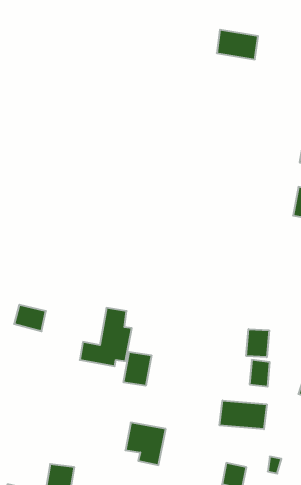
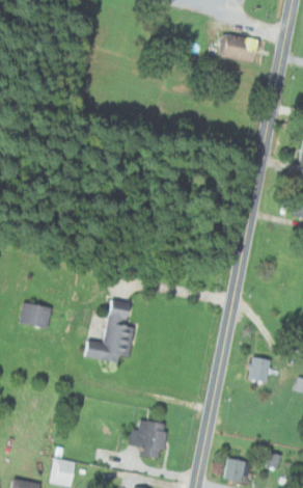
building: [246,329,269,357] -> none
building: [124,352,151,386] -> none
building: [220,400,267,429] -> none

